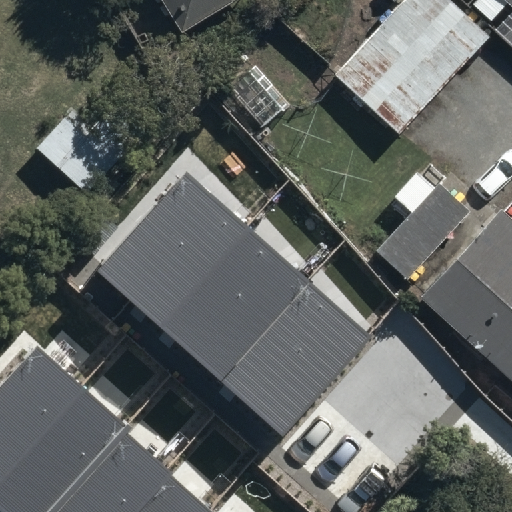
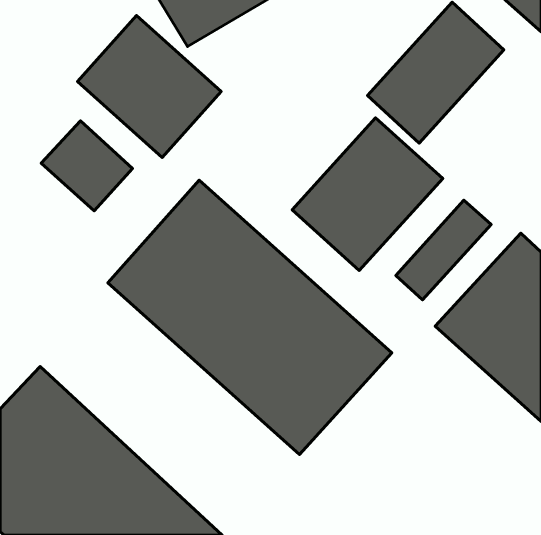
building: none -> [78,15,221,158]
building: none -> [292,118,443,270]

